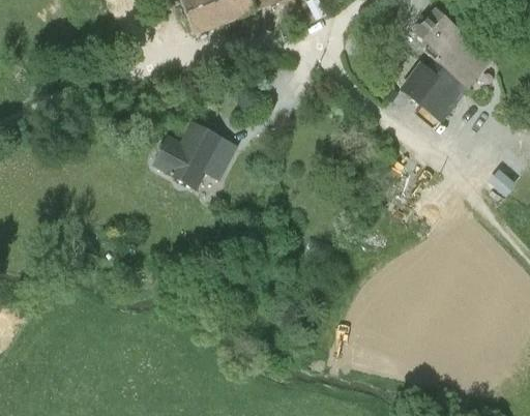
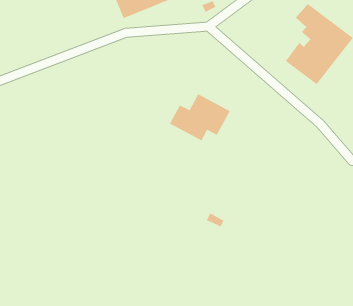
building: [155,124,235,186] -> [169,93,231,141]

